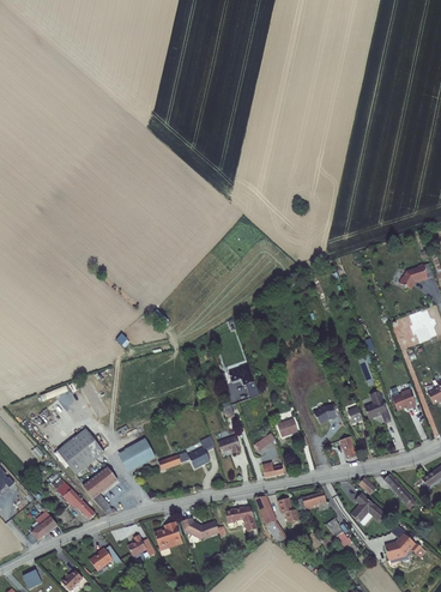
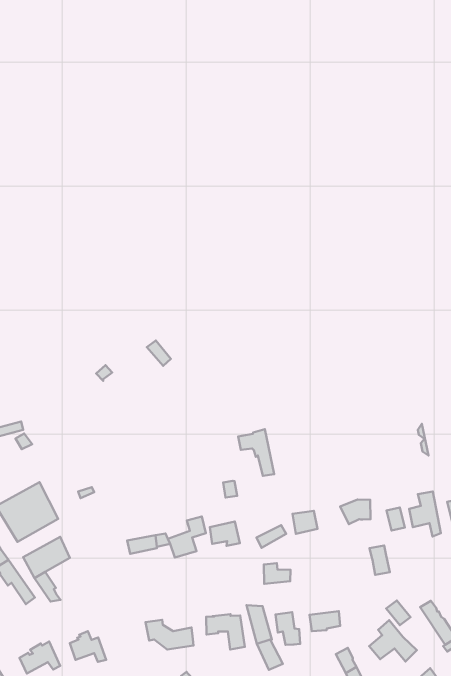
building: [117,439,156,472] -> none
building: [153,520,183,546] -> none

